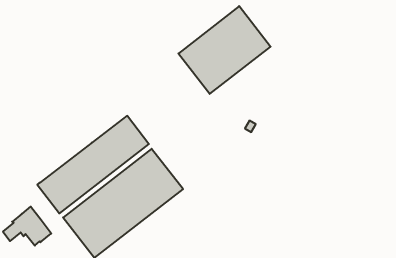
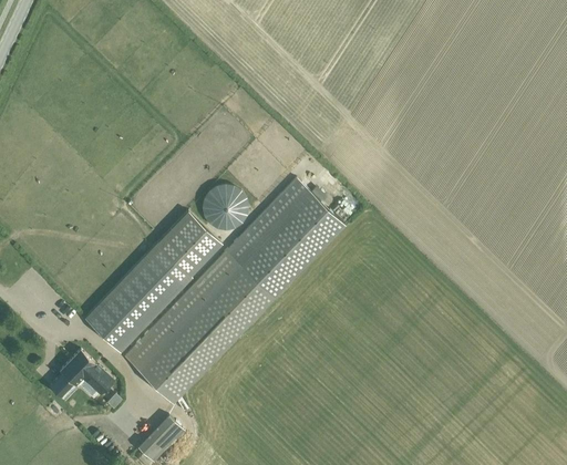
building: [178,6,271,94] -> [226,176,344,296]
building: none -> [202,186,247,232]

